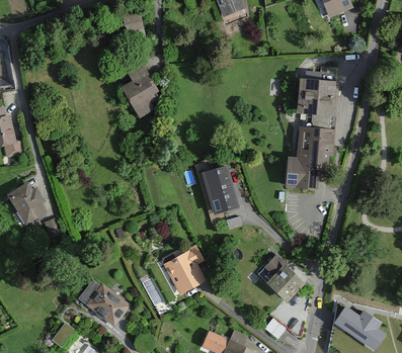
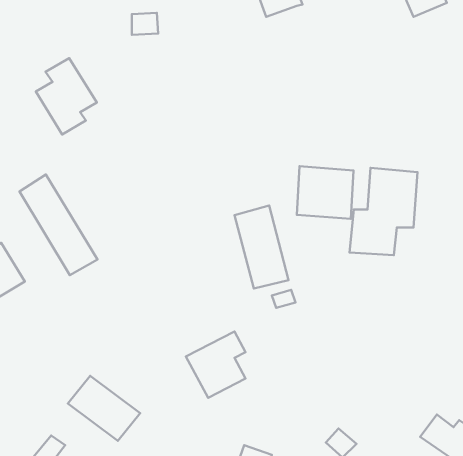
building: [120,65,165,120] -> [36,58,97,134]
building: [296,78,337,116] -> [297,166,354,219]
building: none -> [19,174,98,275]
building: [263,254,304,303] -> none

